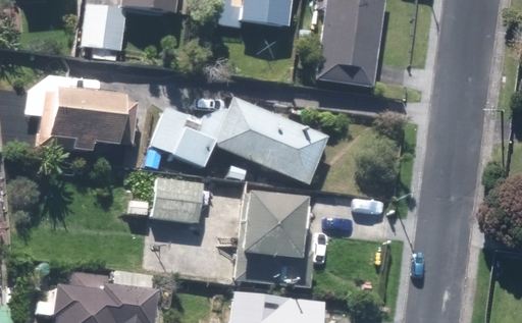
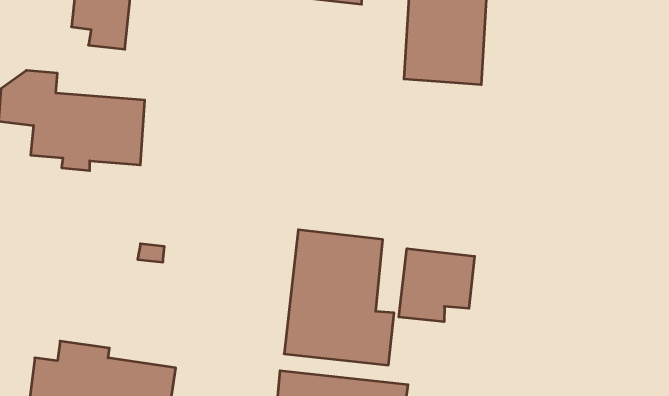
building: [150,98,326,183] -> none
building: [151,179,204,222] -> none
building: none -> [399,249,475,322]

